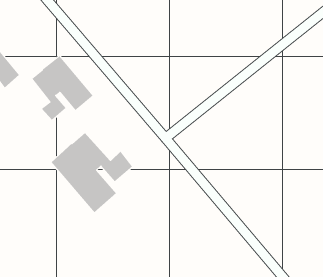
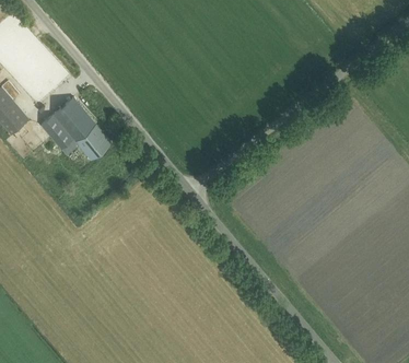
building: [51,132,133,213] -> none

